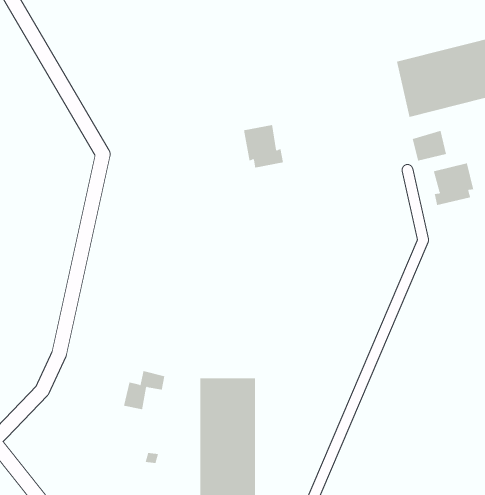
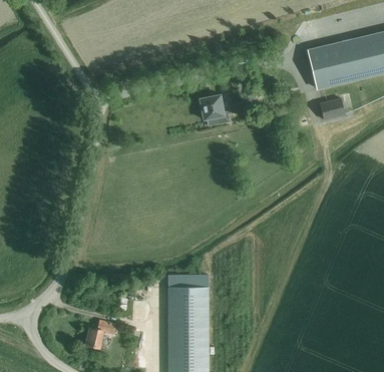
building: [433,163,474,206] -> none
building: [123,371,165,410] -> [85,320,115,348]

